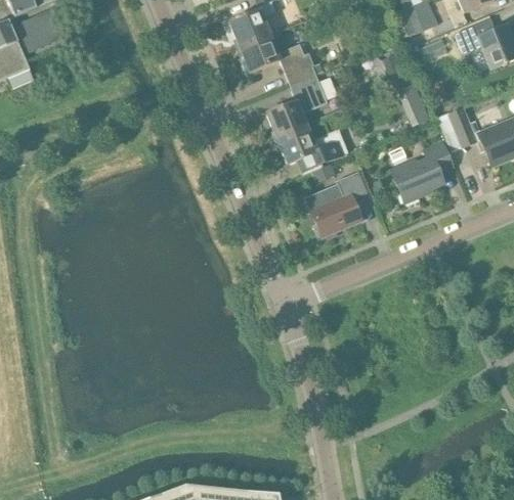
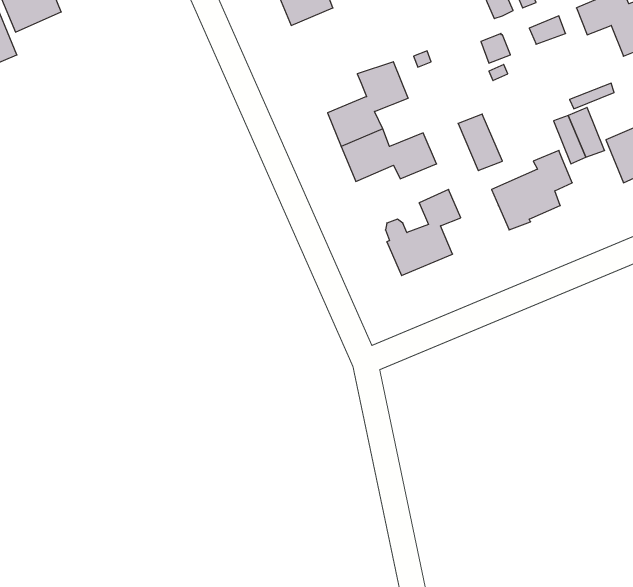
building: [239,33,325,83] -> none
building: [396,83,430,126] -> [458,114,502,171]

